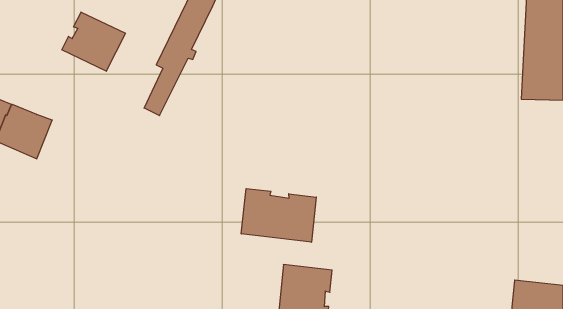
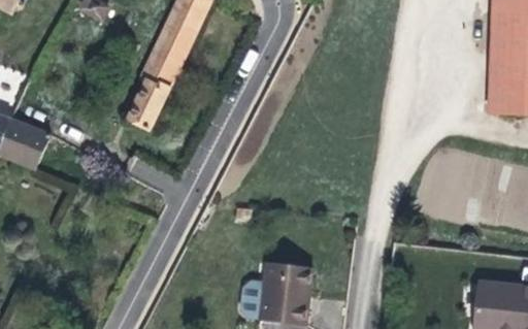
building: [62,12,125,71] -> none
building: [241,189,316,242] -> none

